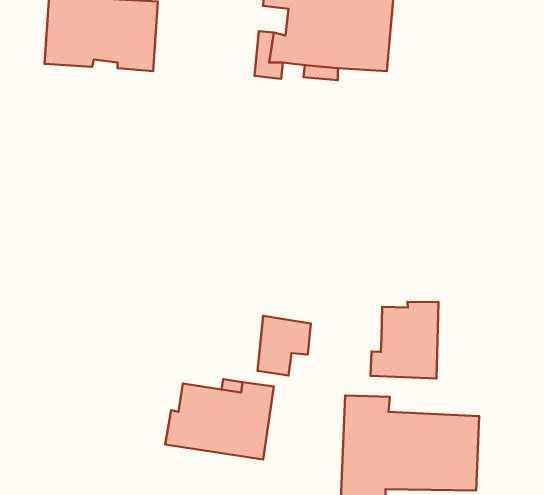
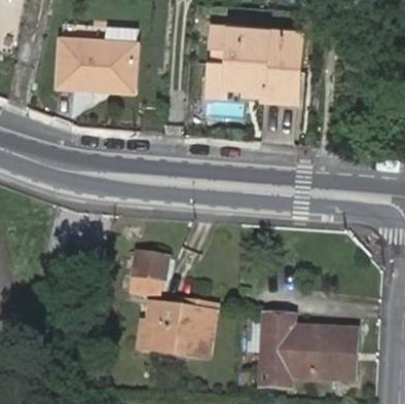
building: [371,302,439,378] -> none
building: [257,316,311,375] -> [131,253,168,294]

